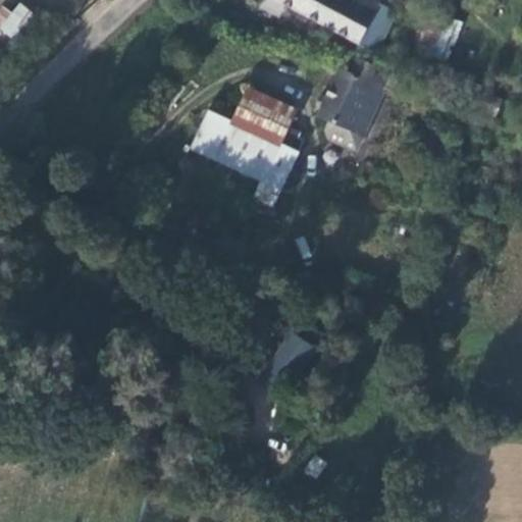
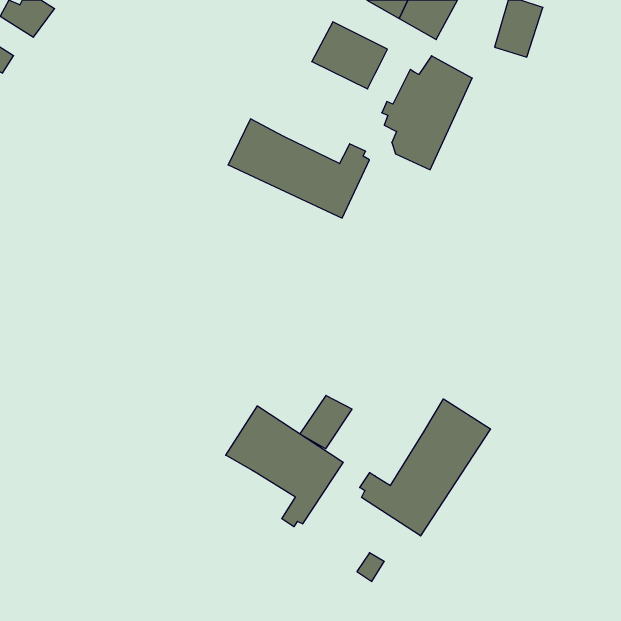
building: [233,90,296,145] -> [312,22,387,89]
building: none -> [360,399,491,536]
building: none -> [226,406,343,527]

